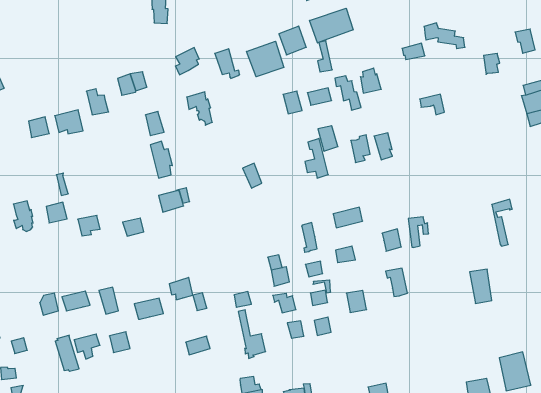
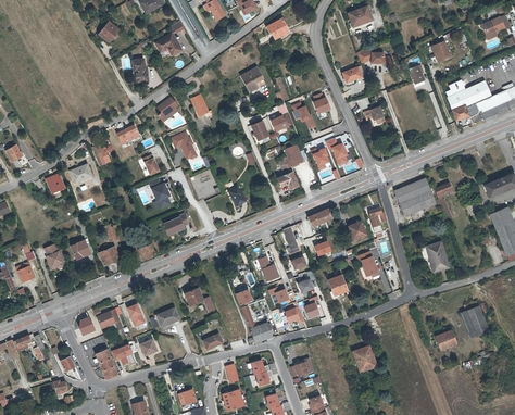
building: [310,8,353,43] -> none
building: [247,41,284,77] -> none
building: none -> [394,177,436,215]

